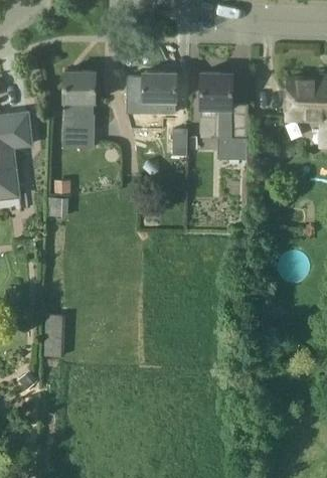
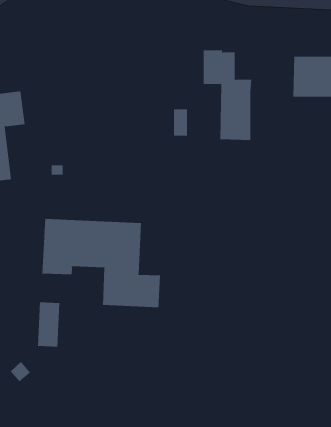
building: [62,70,95,147] -> none
building: [126,71,175,124] -> none
building: none -> [42,218,160,308]

